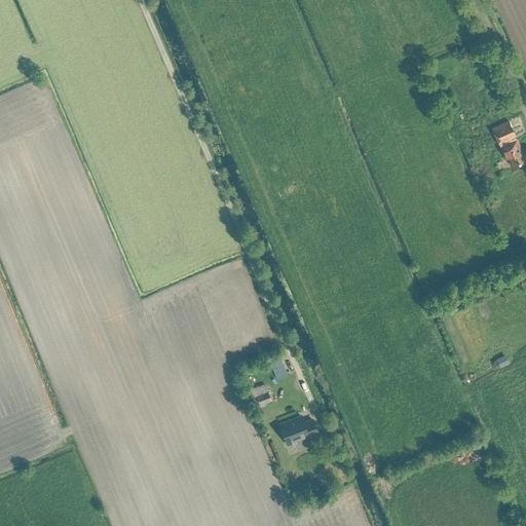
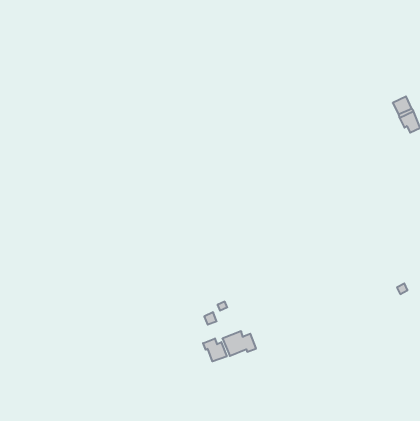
building: none -> [203,338,227,361]

